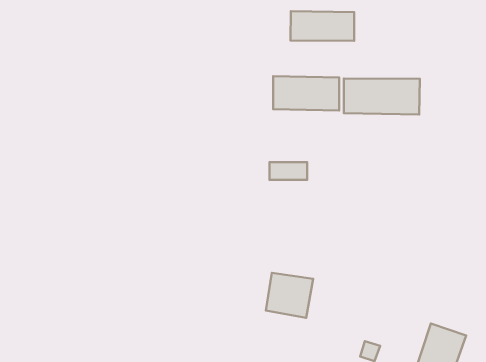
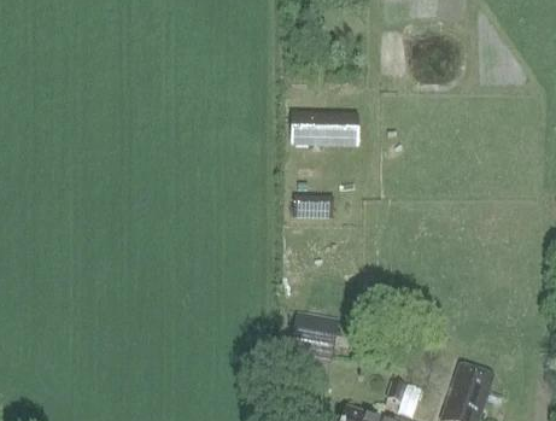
building: [290,11,354,41] -> none
building: [344,78,420,115] -> none

